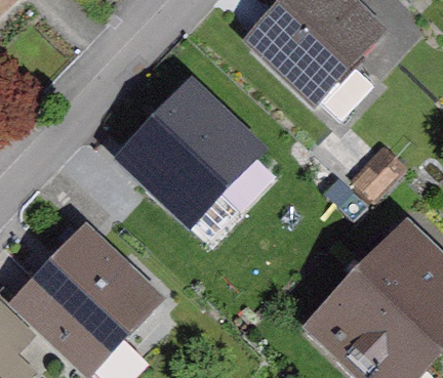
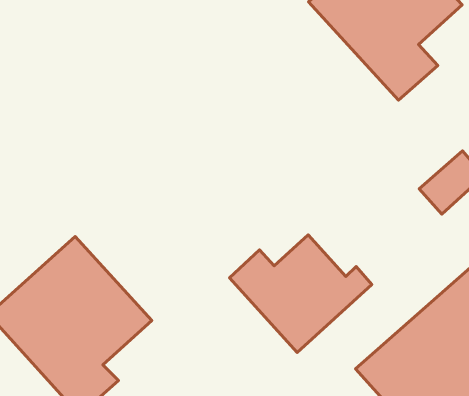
building: [129,92,252,219] -> none
building: none -> [229,235,372,353]

